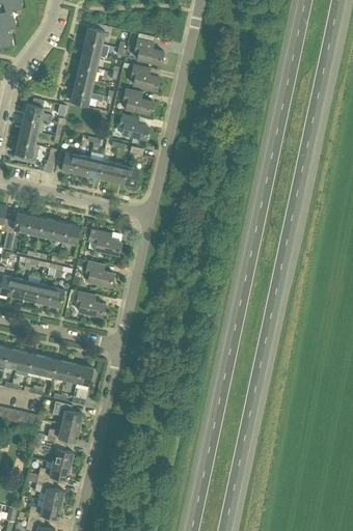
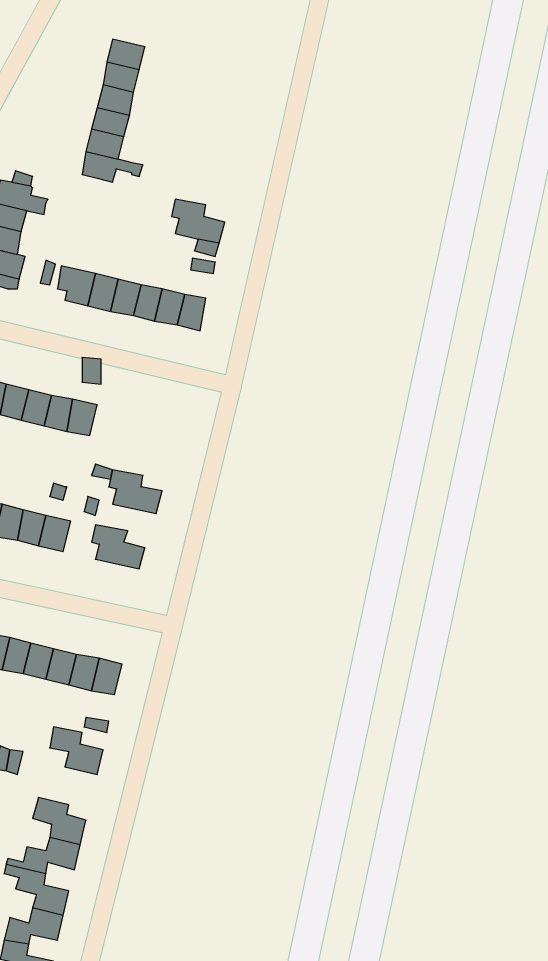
building: [134,34,164,64] -> none
building: [131,65,160,89] -> none
building: [123,89,152,114] -> none
building: [88,229,121,255] -> none
building: [47,424,79,445] -> none

